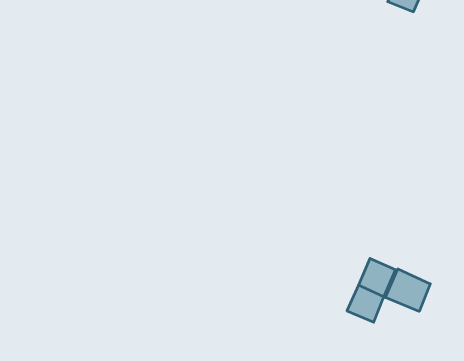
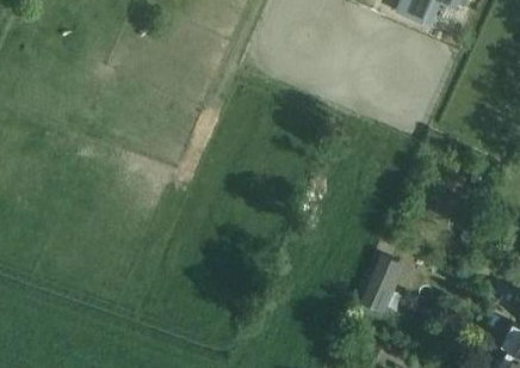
building: [385,269,430,311] -> none

